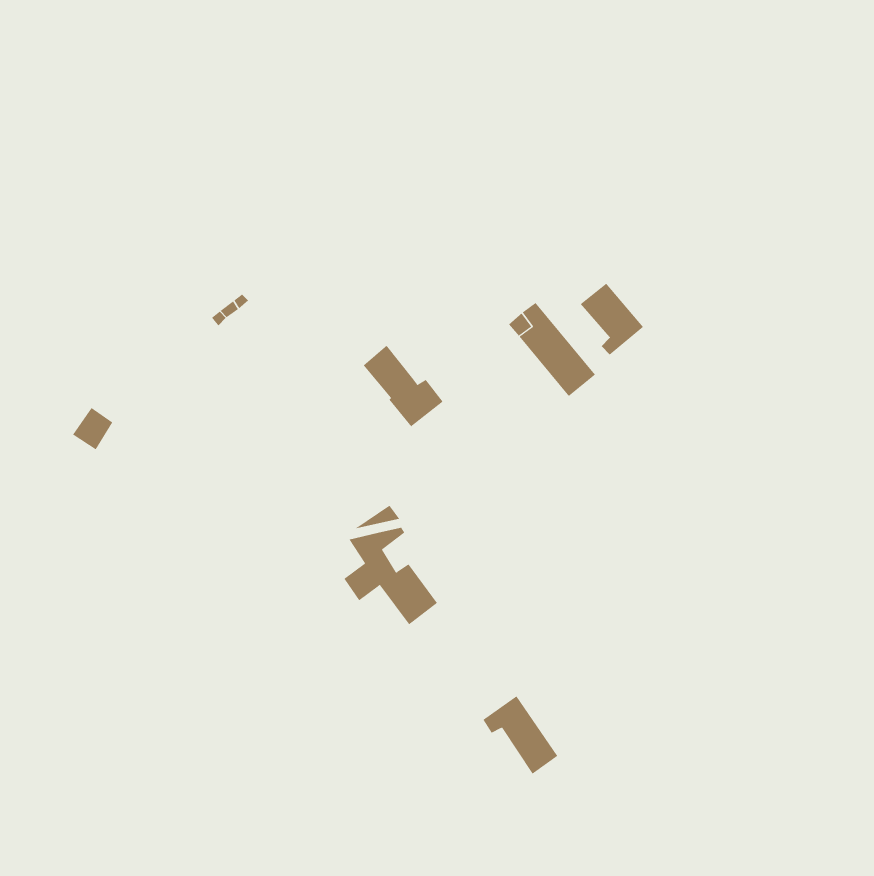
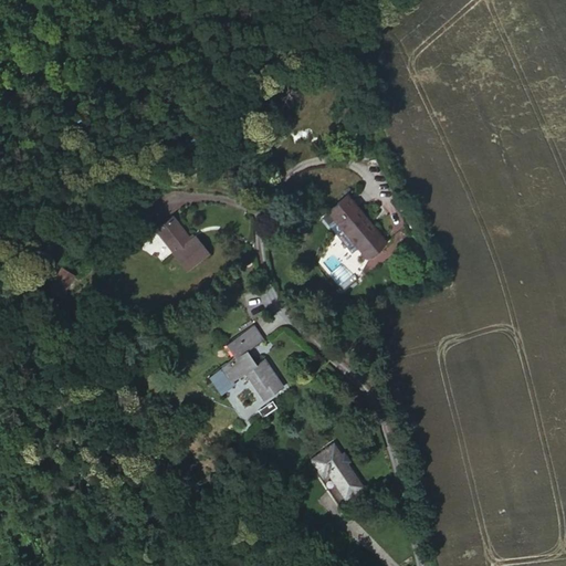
building: [580,283,644,355] -> none
building: [363,345,443,427] -> [157,217,209,270]

